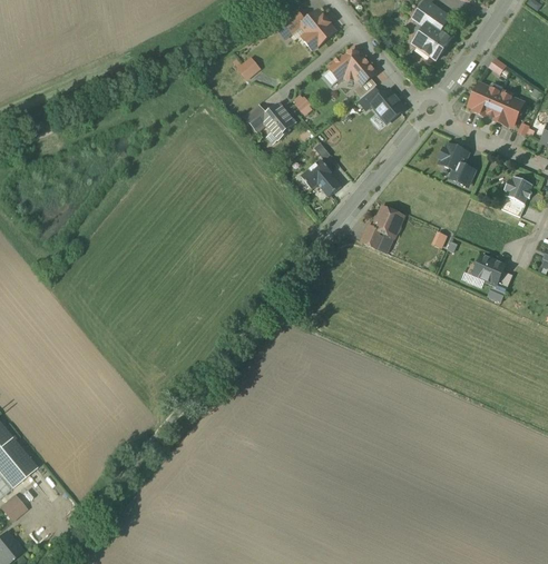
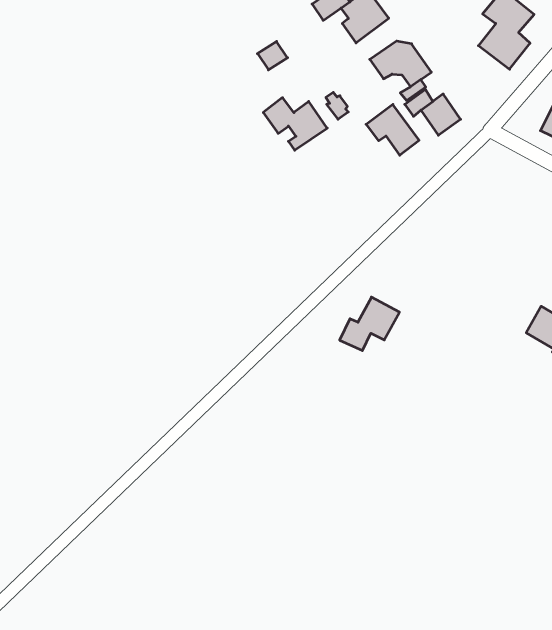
building: [438,142,477,189] -> none
building: [296,156,340,196] -> [366,104,419,155]
building: [360,205,405,248] -> [340,297,399,351]

